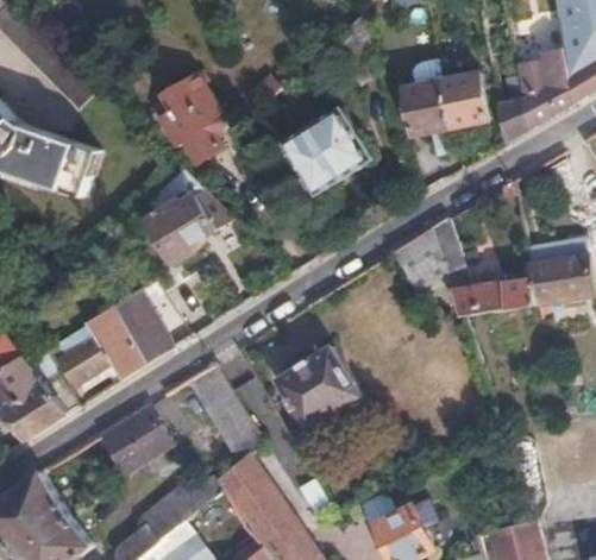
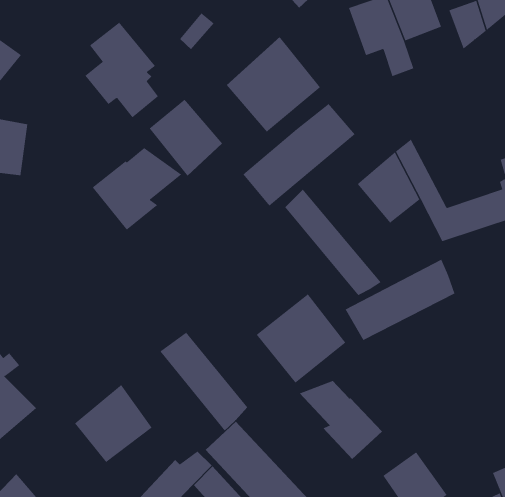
building: none -> [149,99,223,176]
building: none -> [242,103,356,207]
building: none -> [284,189,381,296]
building: [58,292,174,386] -> none
building: none -> [345,259,455,341]
building: none -> [299,380,383,460]

